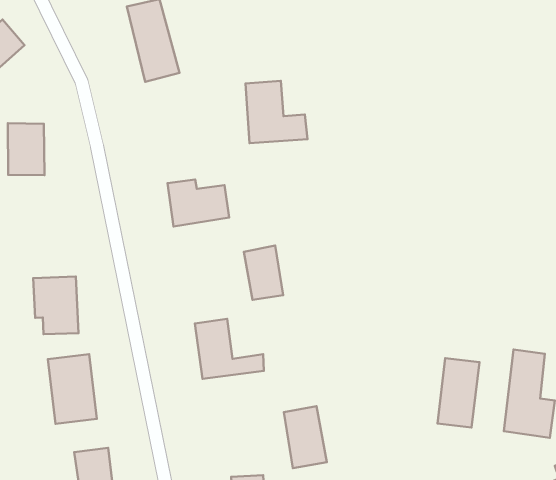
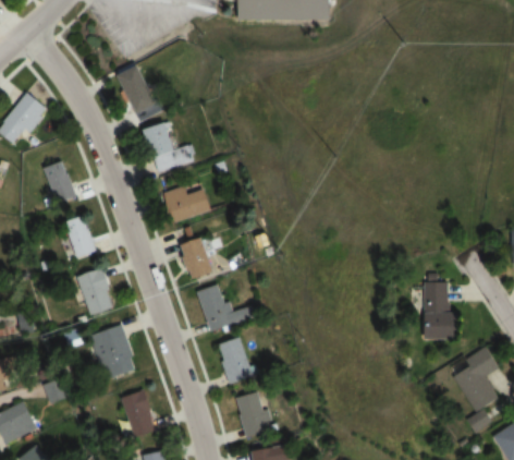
building: [246,81,307,143] -> [142,123,192,171]
building: none -> [65,216,94,257]
building: [244,245,283,300] -> [180,238,212,279]
building: [437,358,479,427] -> none
building: [284,406,327,468] -> [216,337,252,384]

